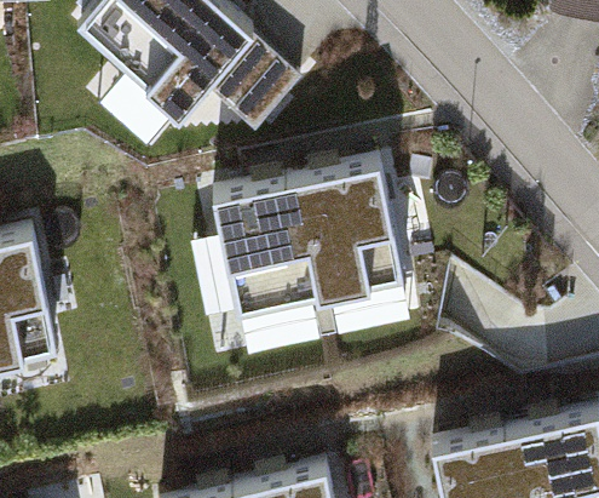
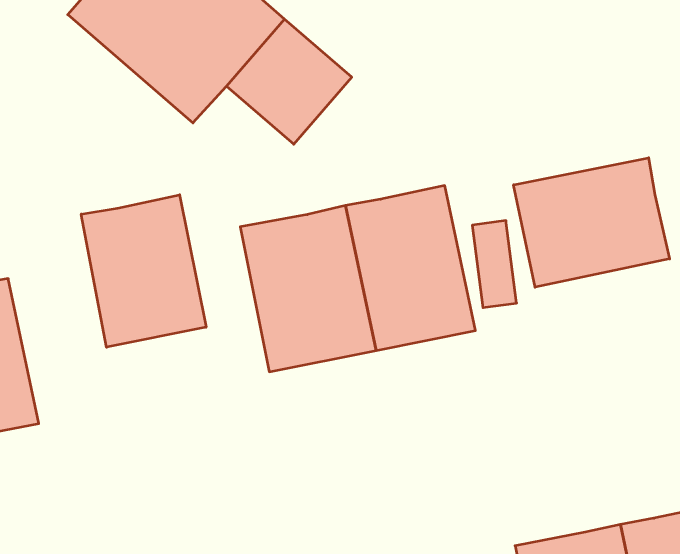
building: none -> [514,158,670,287]
building: none -> [81,195,206,347]

